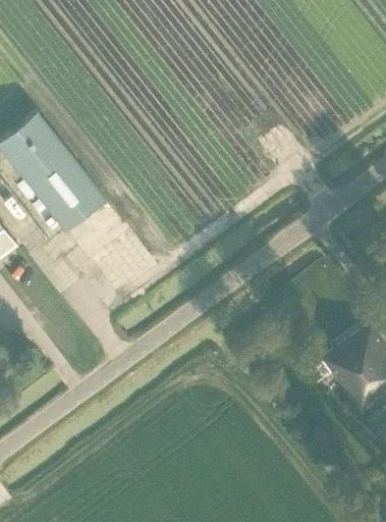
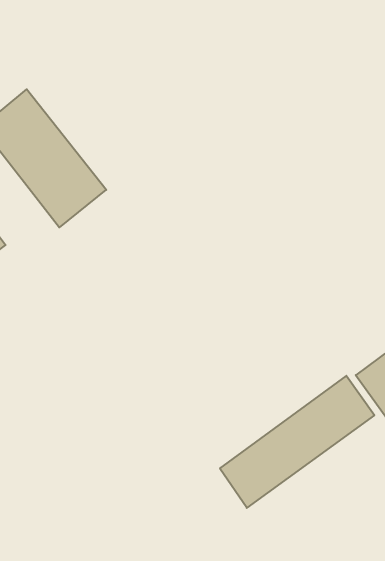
building: none -> [220,376,374,508]

